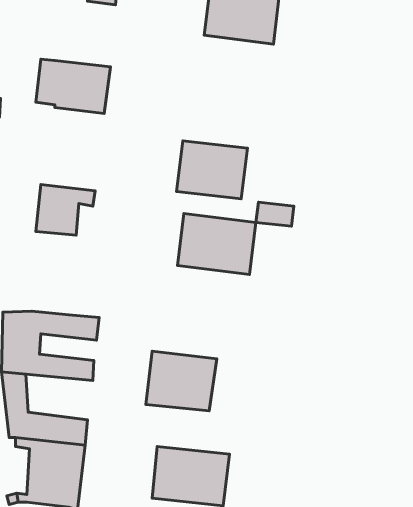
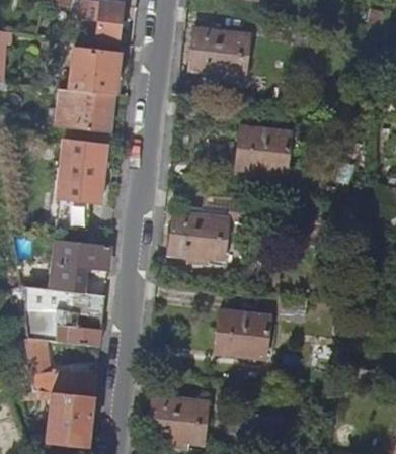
building: none -> [70,48,118,93]
building: none -> [59,138,107,192]
building: [177,141,247,199] -> [236,127,293,174]
building: none -> [52,239,111,291]
building: [146,351,217,411] -> [216,309,272,357]

